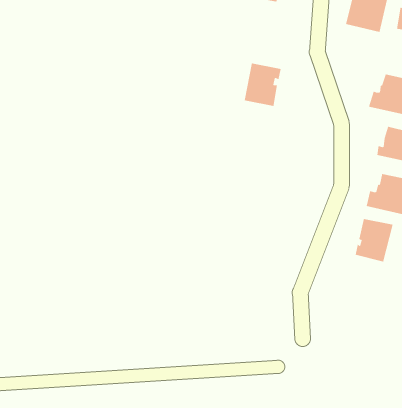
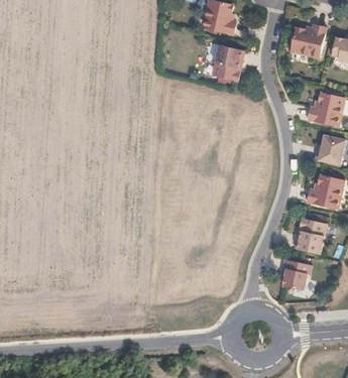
building: [244,63,281,107] -> [213,43,244,80]
building: none -> [282,259,312,290]

